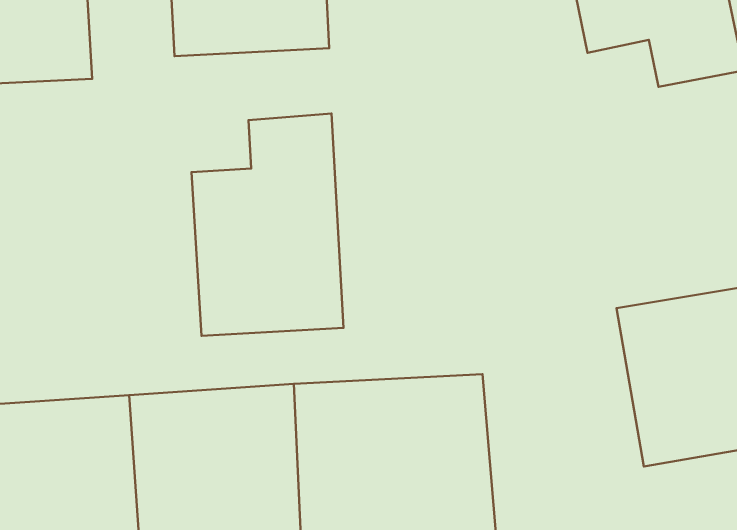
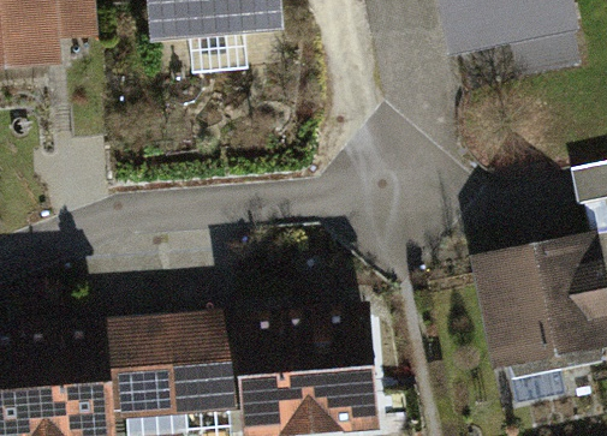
building: [191,114,344,336] -> none

